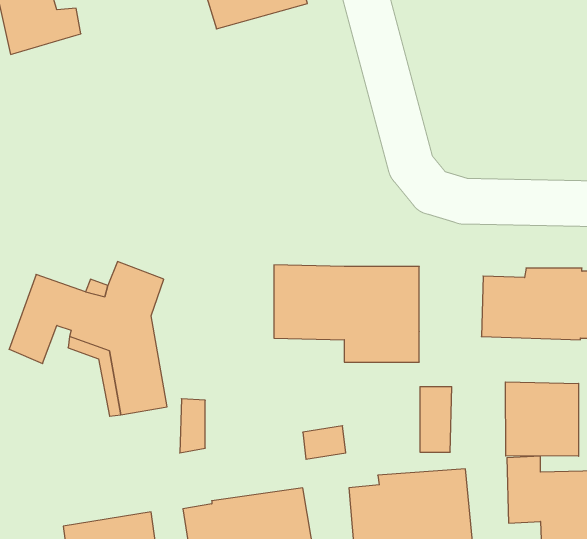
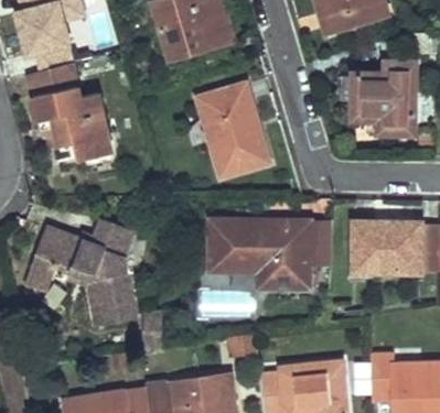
building: none -> [352,61,417,134]
building: none -> [26,62,111,157]
building: none -> [196,85,269,177]
building: [505,382,579,456] -> none
building: [420,387,452,452] -> [309,221,331,267]

